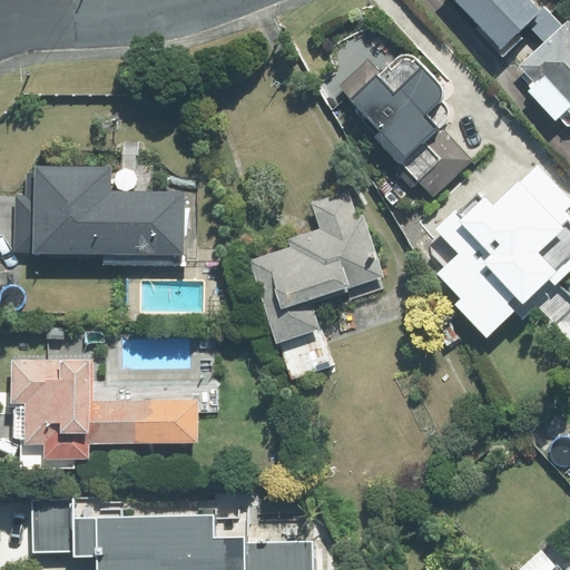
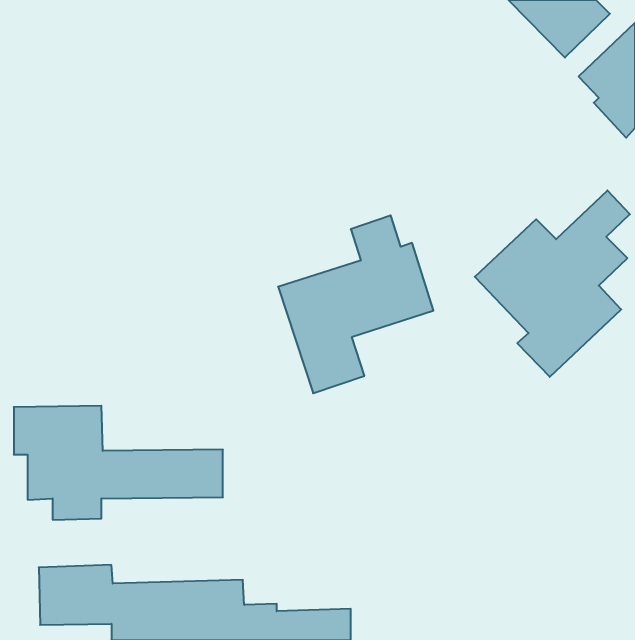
building: [336,50,472,198] -> none
building: [13,168,187,254] -> none

